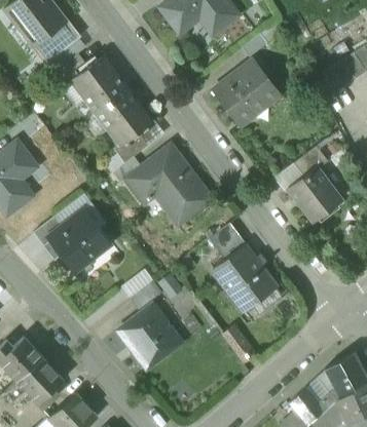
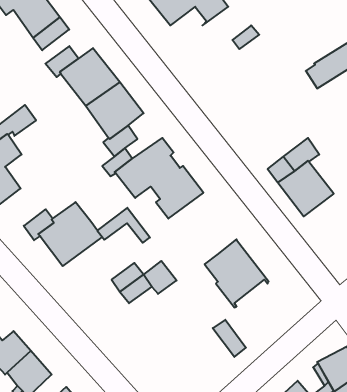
building: [213,59,282,126] -> none
building: [56,194,108,229] -> [97,208,150,243]
building: [209,223,248,262] -> none
building: [119,305,181,368] -> none

